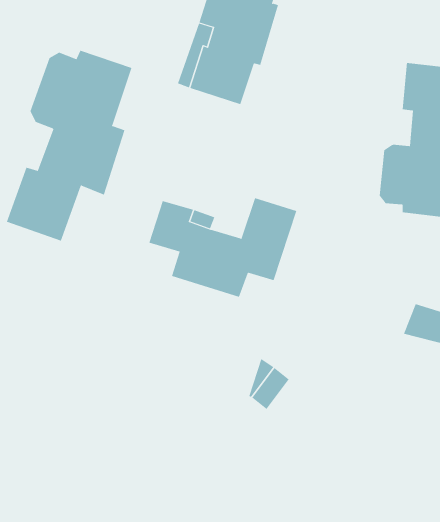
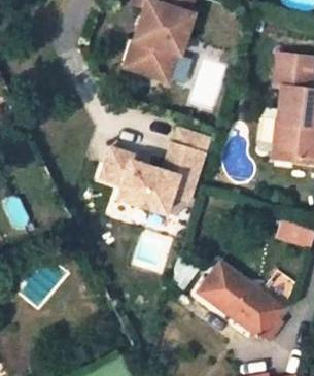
building: [6,50,132,242] -> none
building: none -> [198,262,283,338]

